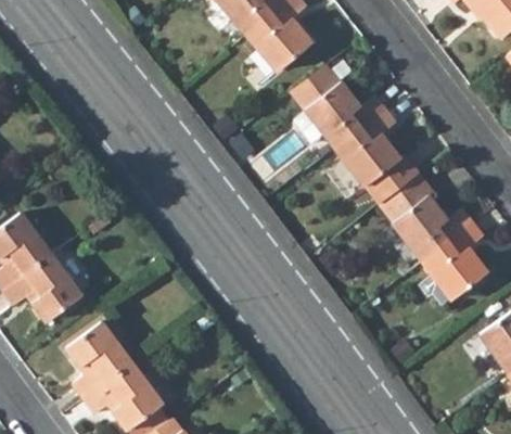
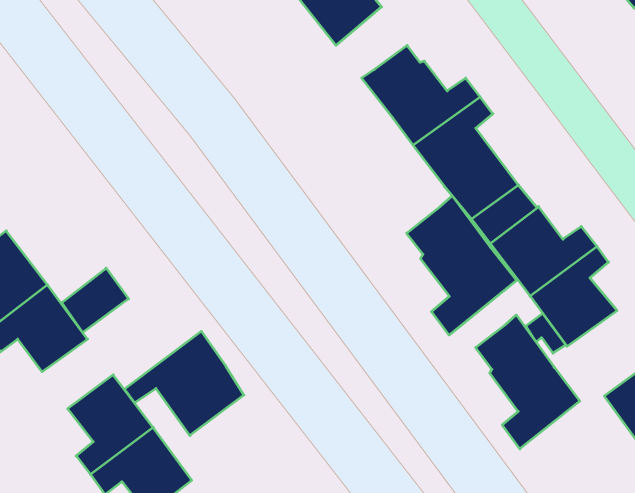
building: none -> [407,196,516,335]
building: none -> [62,268,129,333]
building: none -> [476,315,580,449]
building: none -> [125,331,244,436]

